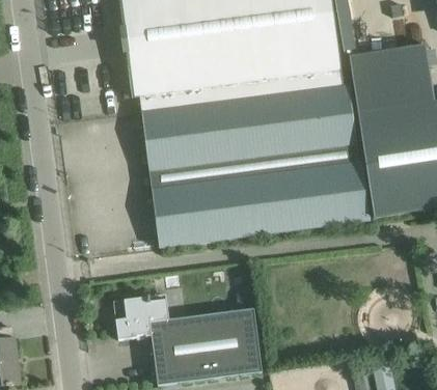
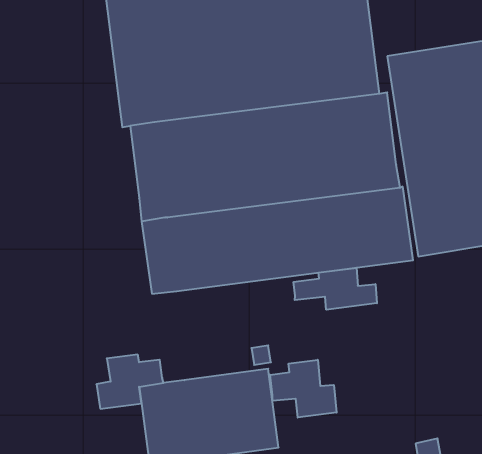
building: none -> [294,268,377,310]
building: none -> [270,360,337,418]

